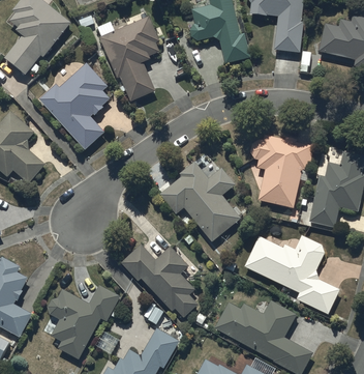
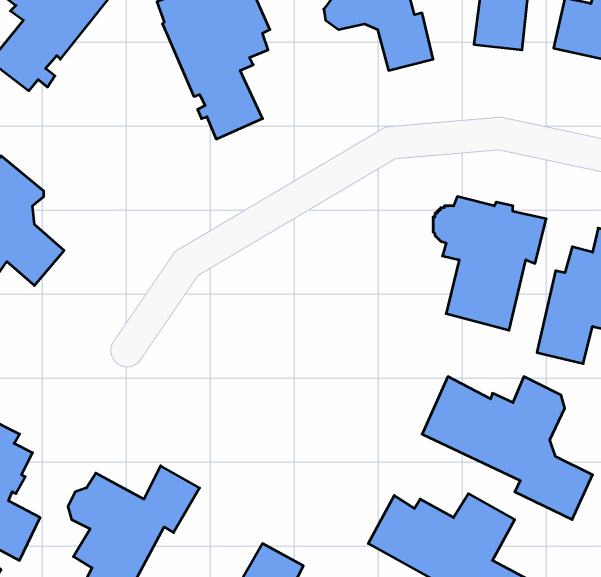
building: [38,62,110,149] -> none
building: [159,162,240,241] -> none
building: [120,243,198,318] -> none

